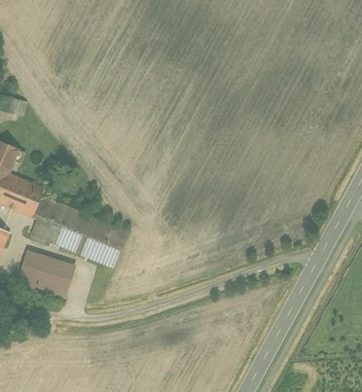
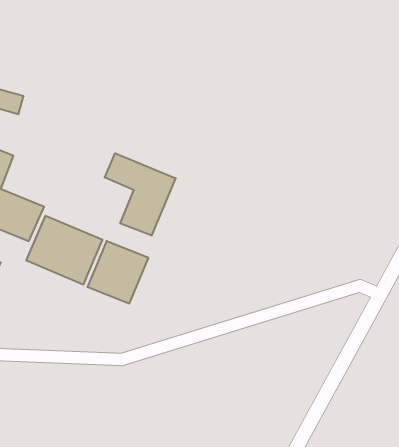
building: none -> [105,153,176,236]
building: [15,252,74,298] -> none

